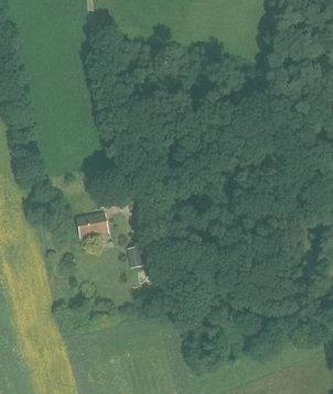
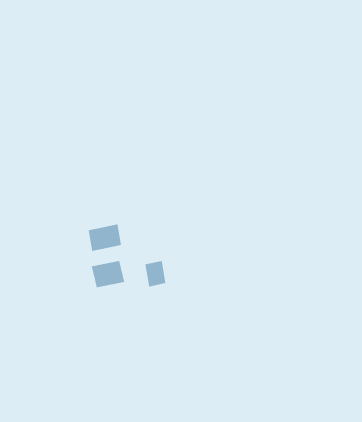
building: none -> [91,260,125,288]

